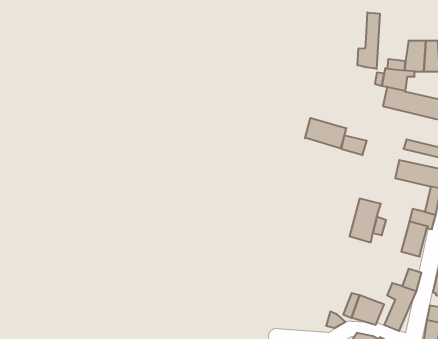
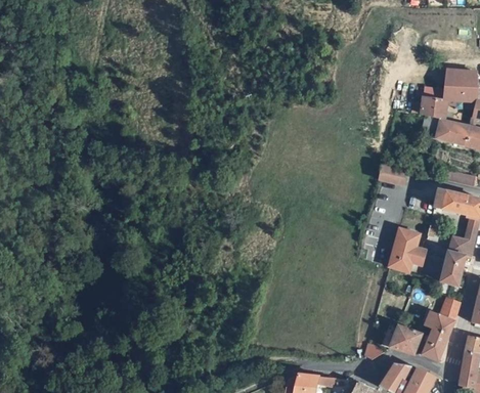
building: [357,12,380,69] -> none
building: [305,118,346,148] -> none

